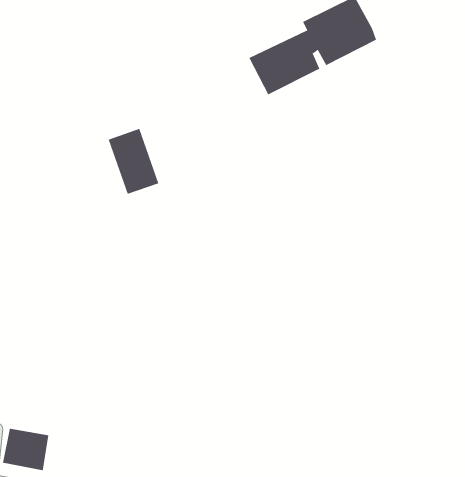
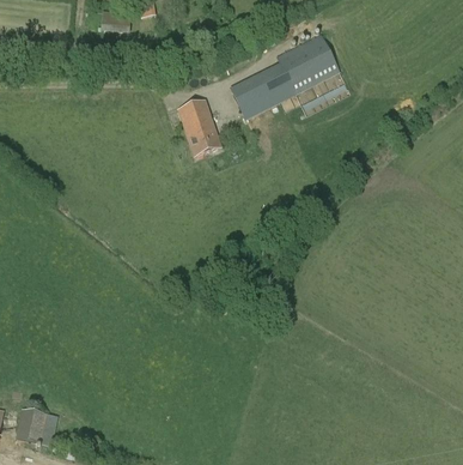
building: [108,128,159,195] -> [177,98,221,156]

